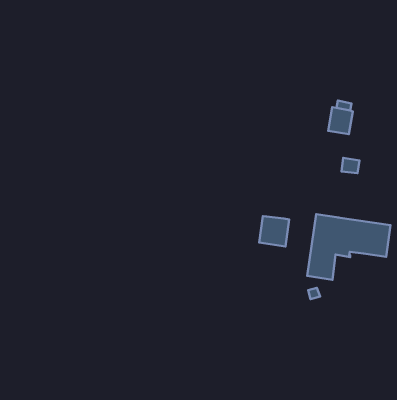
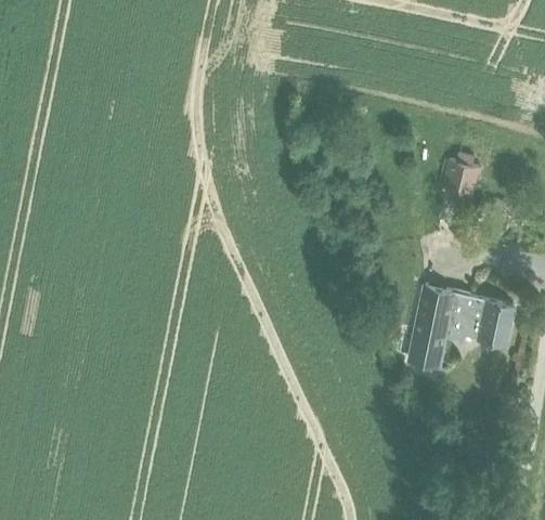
building: [259,216,289,247] -> none

